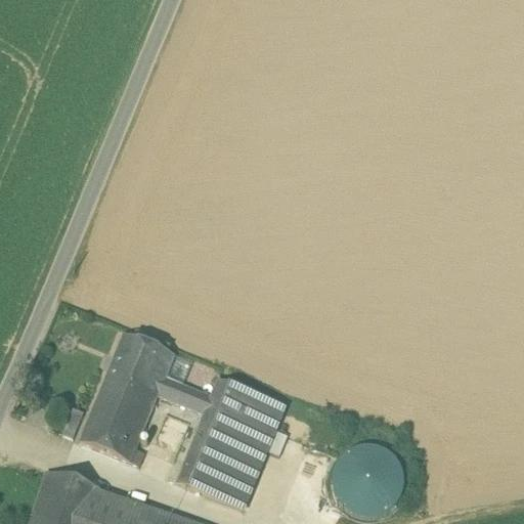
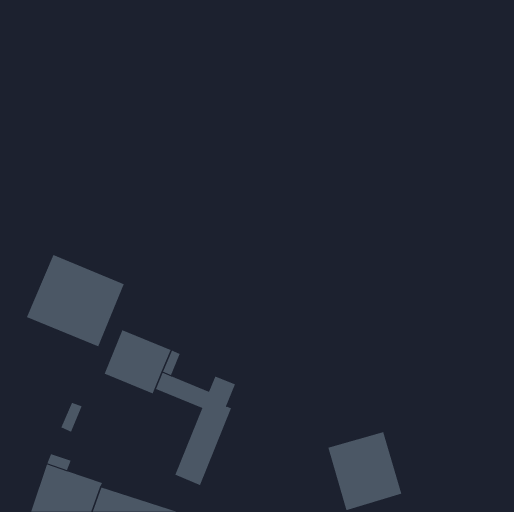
building: none -> [26,254,124,347]
building: [82,380,157,466] -> none
building: [205,390,285,509] -> none

